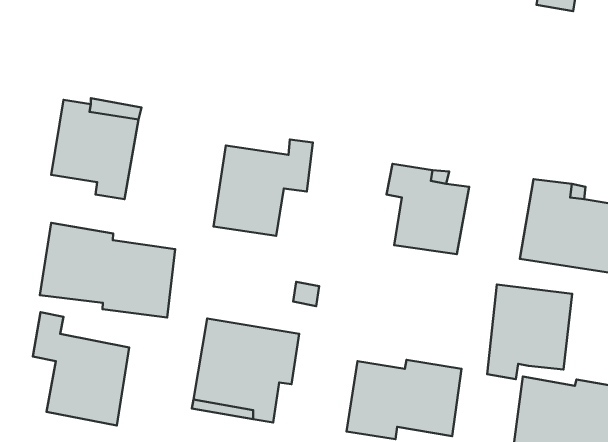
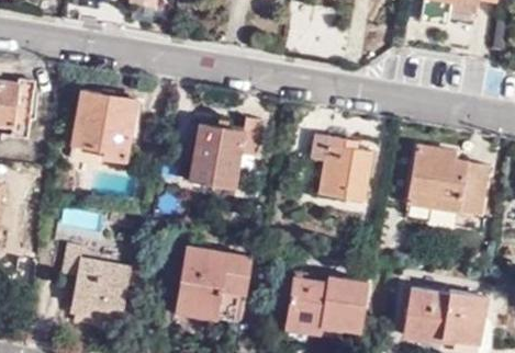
building: [40,223,175,317] -> none
building: [487,284,572,379] -> none

